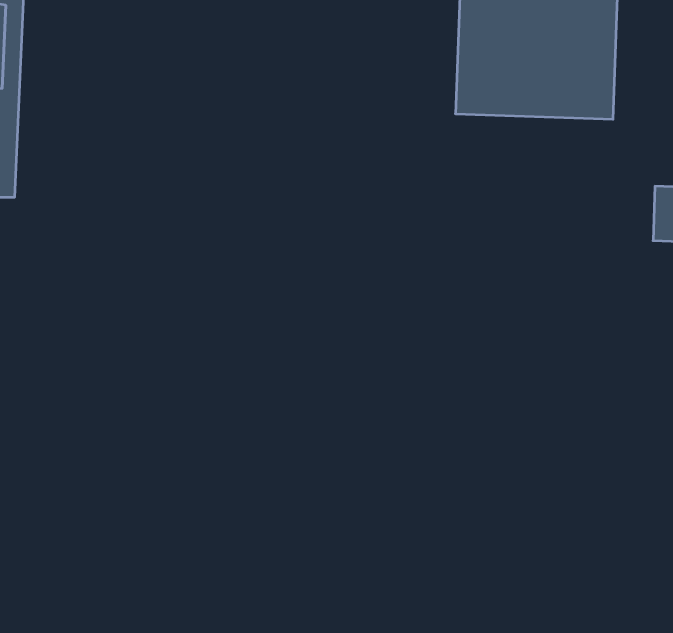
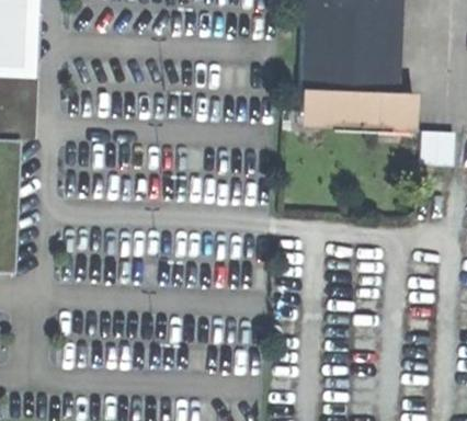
building: none -> [300,87,415,122]

